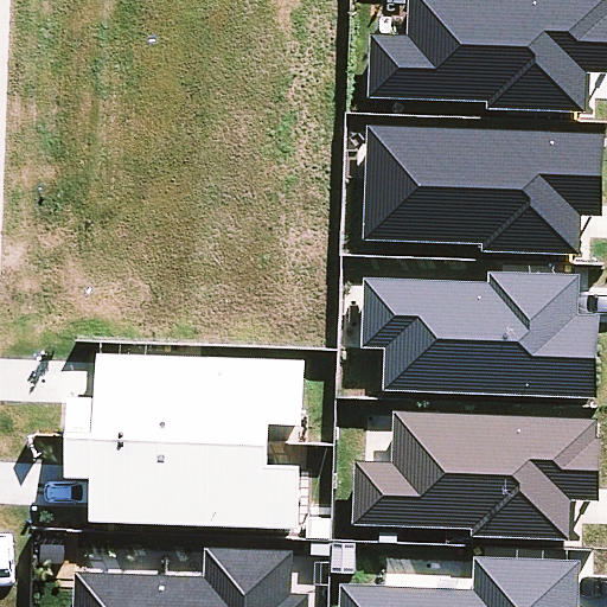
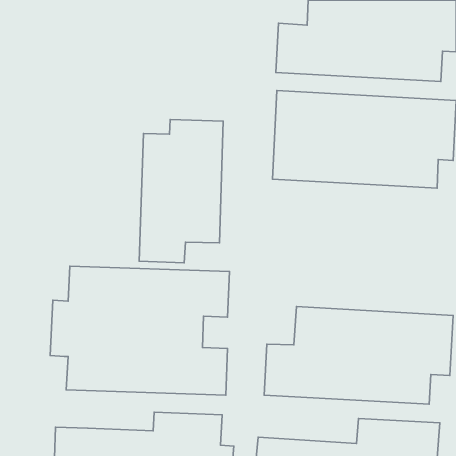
building: none -> [139,120,223,263]
building: [360,276,598,394] -> none

